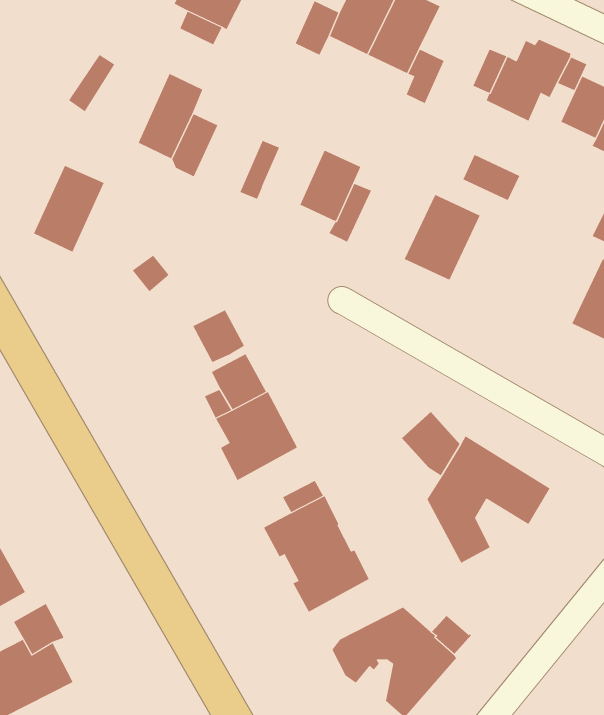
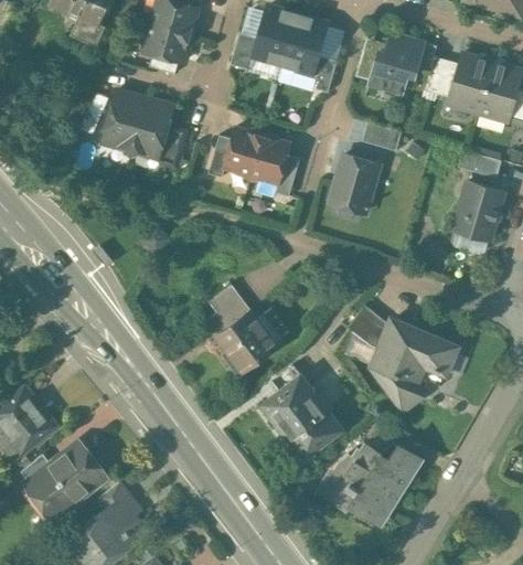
building: none -> [224,128,263,177]
building: [33,165,105,252] -> [103,92,147,151]
building: [193,309,245,363] -> none

